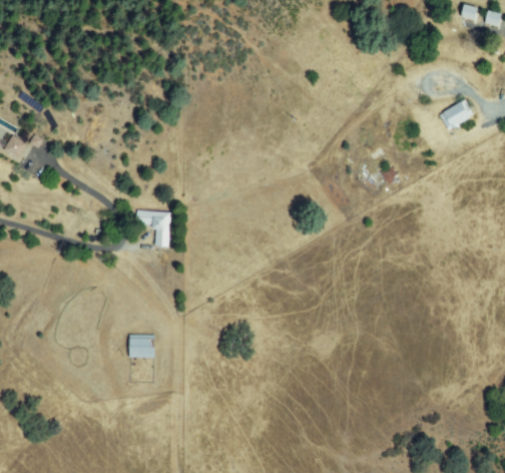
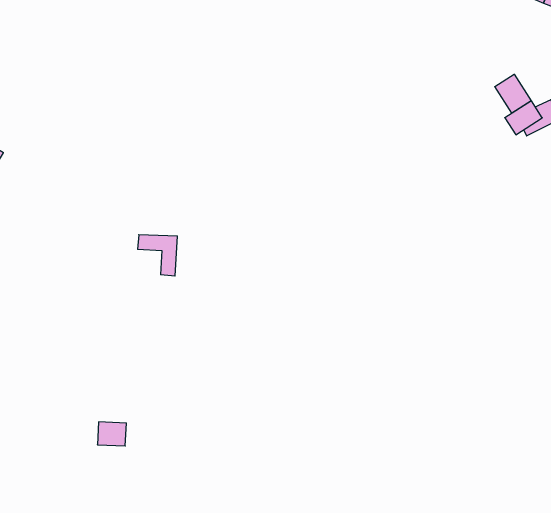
building: none -> [495,74,531,113]
building: [129,337,153,357] -> [97,422,126,446]

